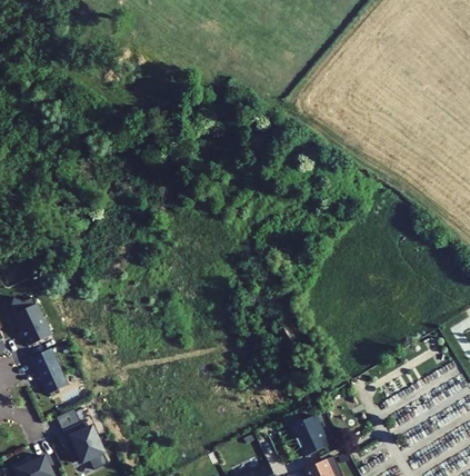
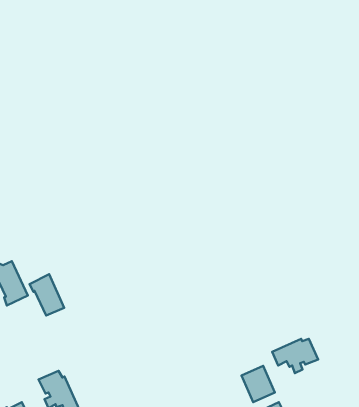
building: [29,348,68,395] -> [29,274,64,316]
building: none -> [272,339,318,373]

